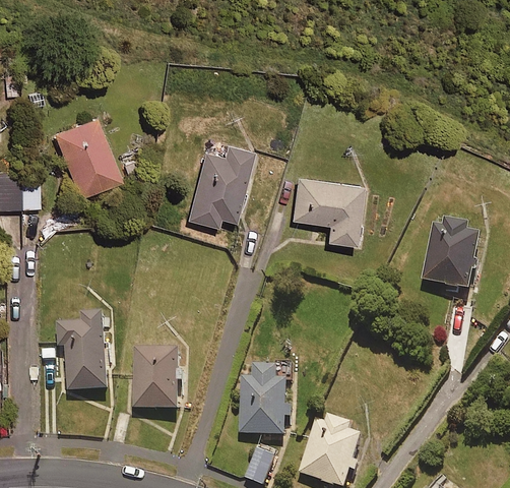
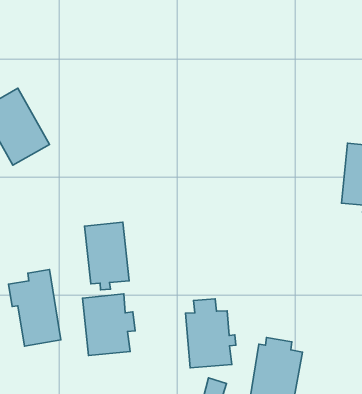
building: [186,143,250,227] -> none
building: [291,177,361,245] -> none
building: none -> [85,222,129,290]

